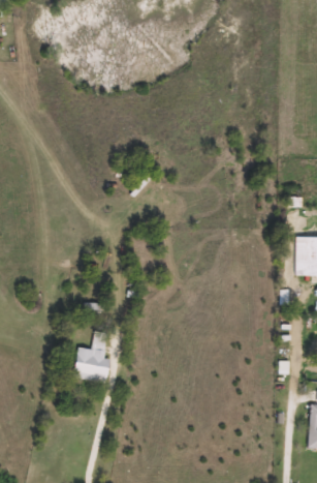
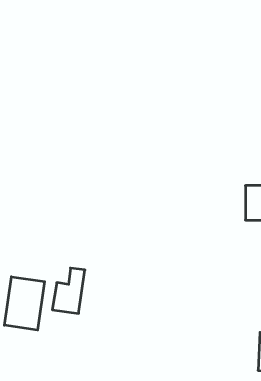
building: none -> [4,277,45,330]

